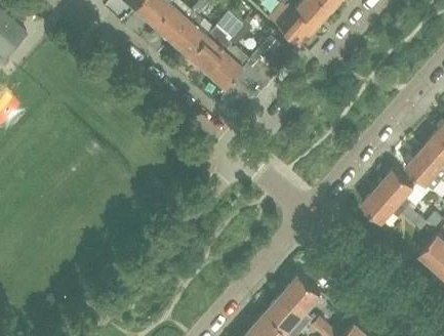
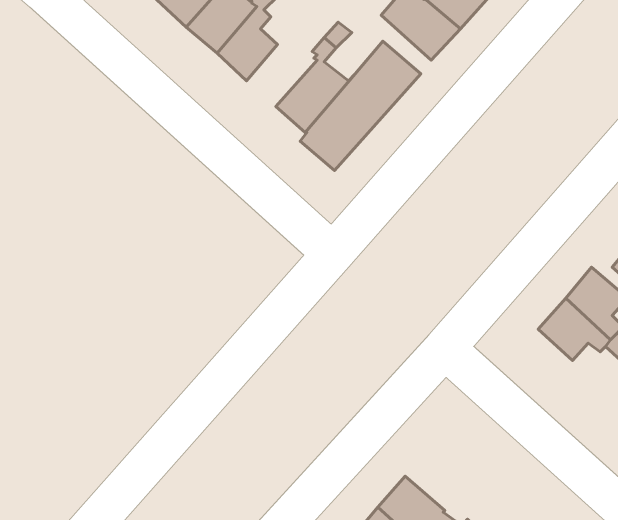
building: [189,27,231,74] -> none
building: [283,275,323,313] -> none

